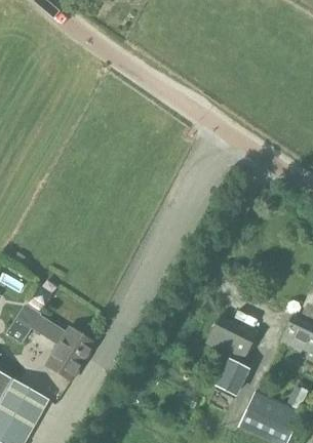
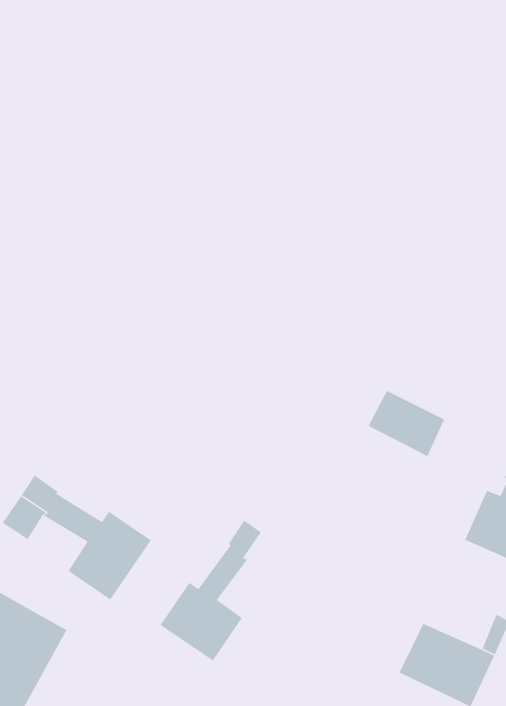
building: [207,322,253,362] -> [368,390,445,457]
building: none -> [160,520,262,661]
building: [217,360,248,395] -> none

